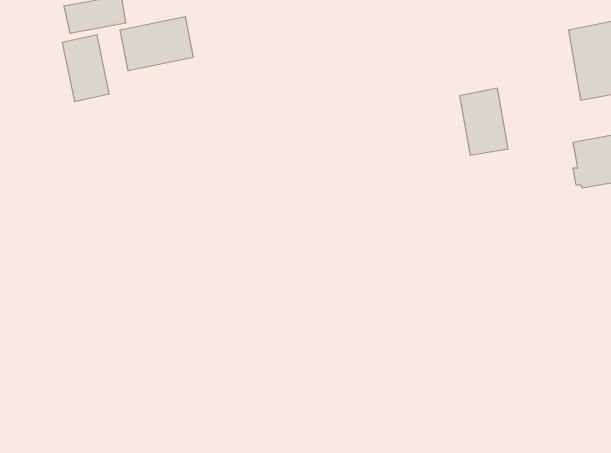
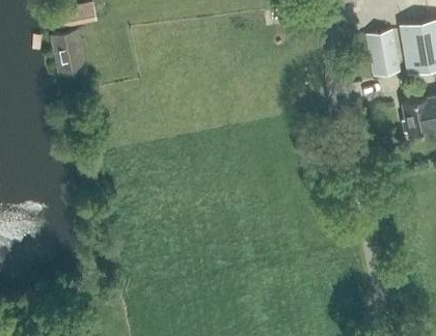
building: [120,17,193,71] -> none
building: [460,88,508,155] -> [366,31,400,77]

